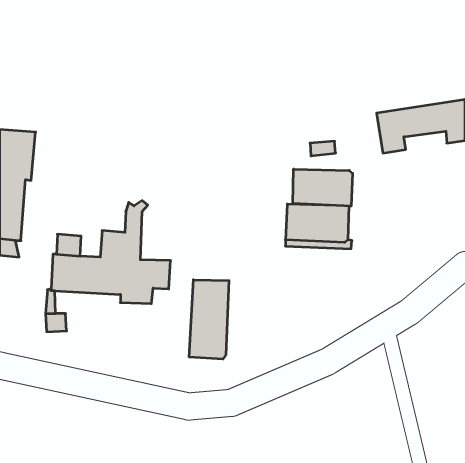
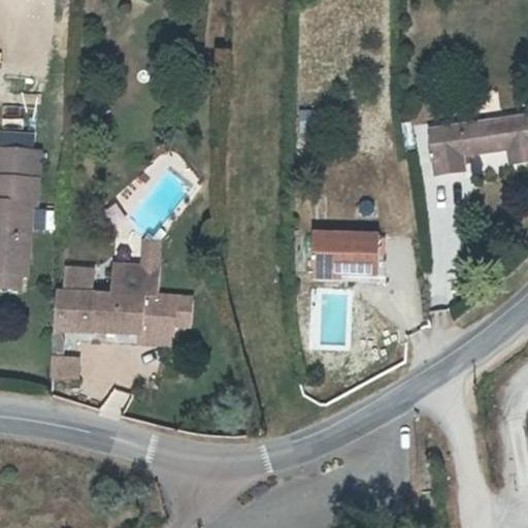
building: [293,169,353,206] -> none
building: [189,280,229,359] -> none

